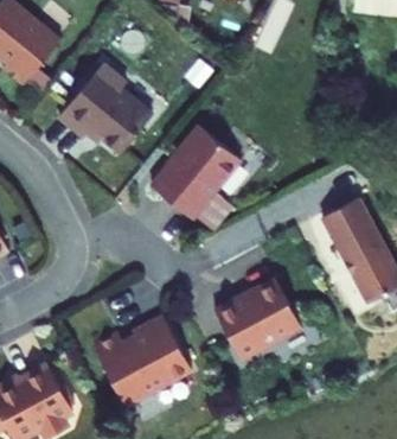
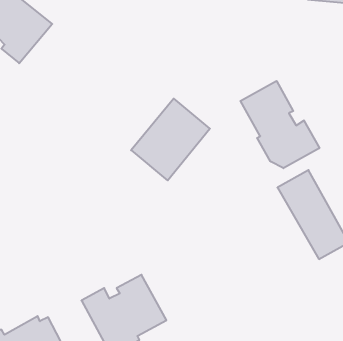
building: [59,61,154,151] -> none
building: none -> [240,81,319,168]
building: [217,287,301,370] -> none

